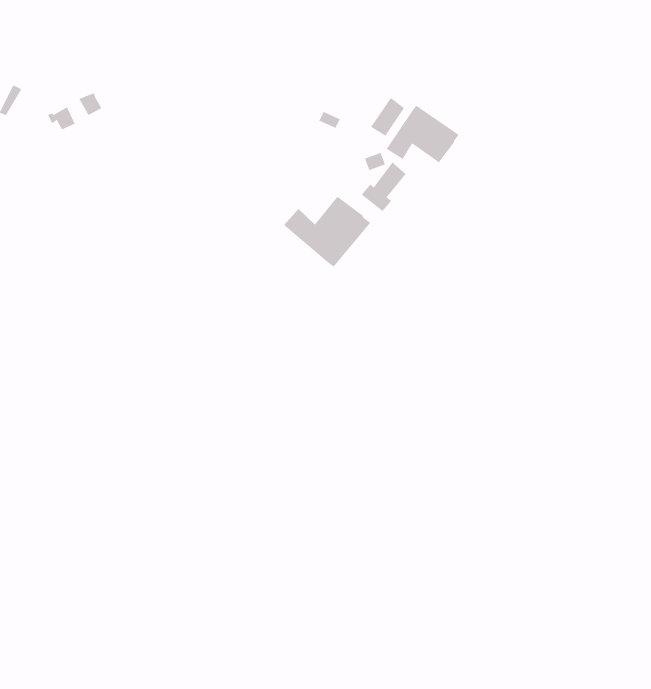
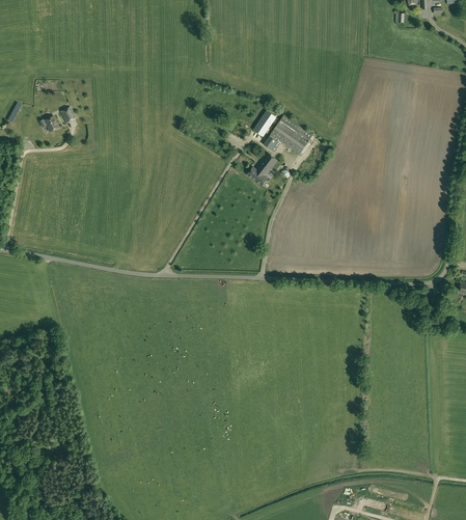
building: [283,196,371,267] -> none

